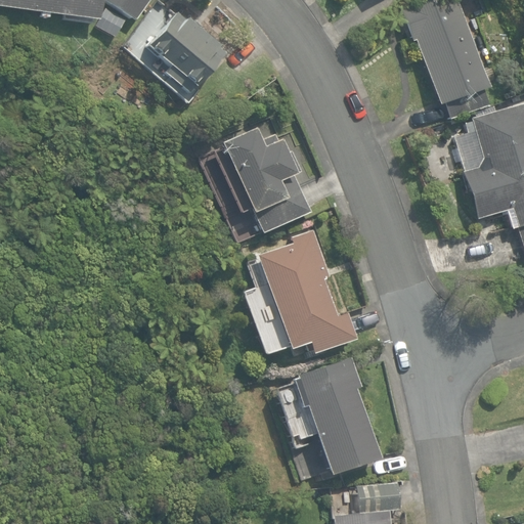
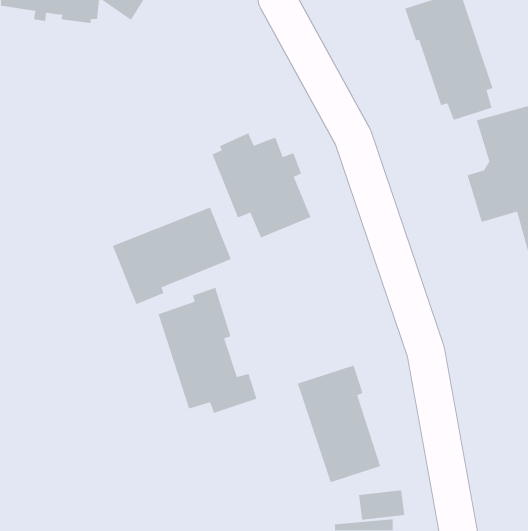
building: [148,12,225,94] -> none
building: none -> [112,206,232,305]
building: [257,229,355,354] -> [157,287,257,414]

